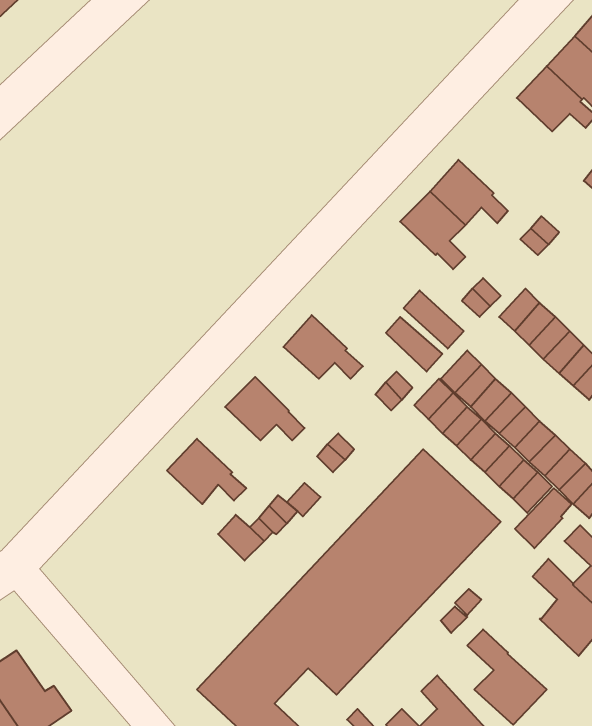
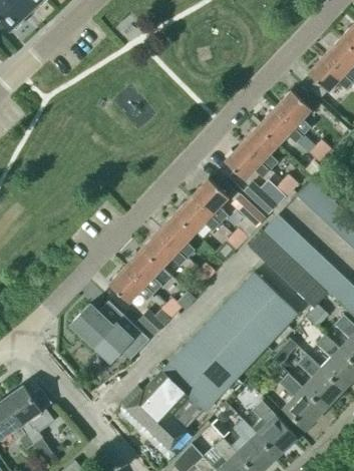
building: none -> [274,91,311,135]
building: none -> [225,143,270,180]
building: none -> [191,178,228,223]
building: none -> [158,214,195,259]
building: none -> [125,249,161,293]
building: none -> [71,305,150,362]
building: none -> [297,355,342,409]

